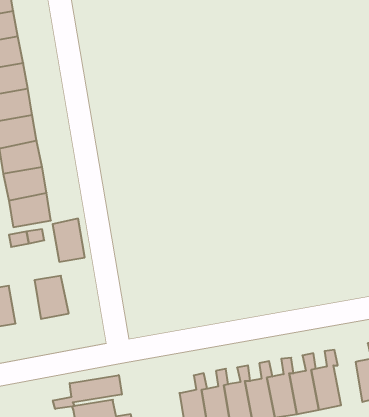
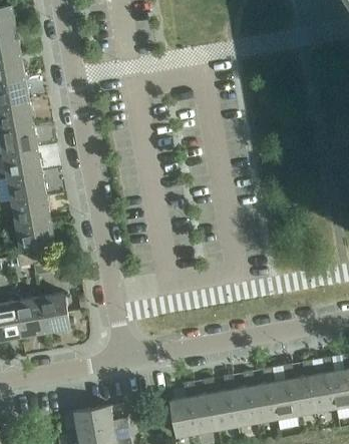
building: [53,219,85,262] -> [16,298,45,337]
building: none -> [310,357,336,411]
building: [53,375,122,409] -> none

